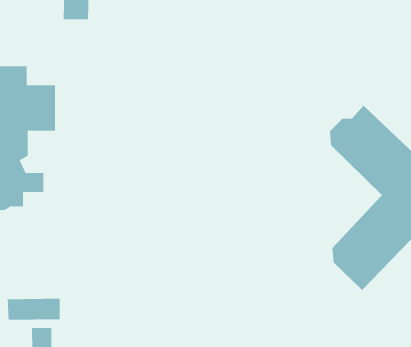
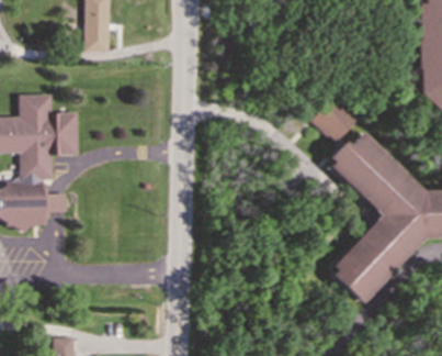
building: none -> [309,97,359,145]
building: [7,298,60,321] -> none

